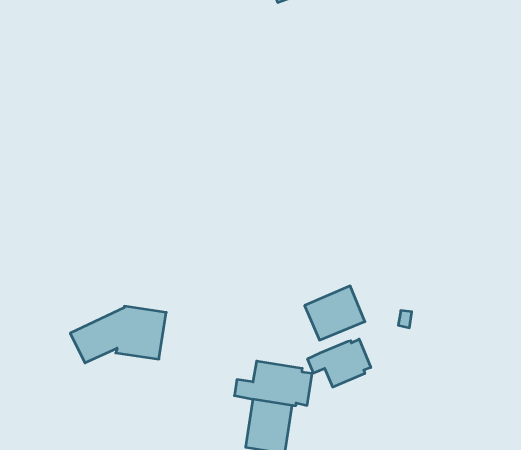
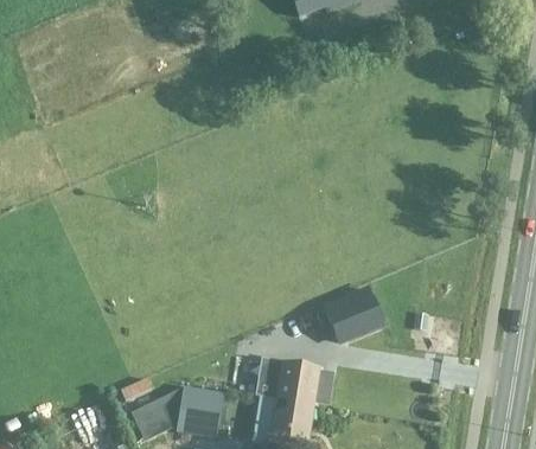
building: [70,306,166,363] -> [130,385,223,440]
building: [308,339,371,387] -> none

